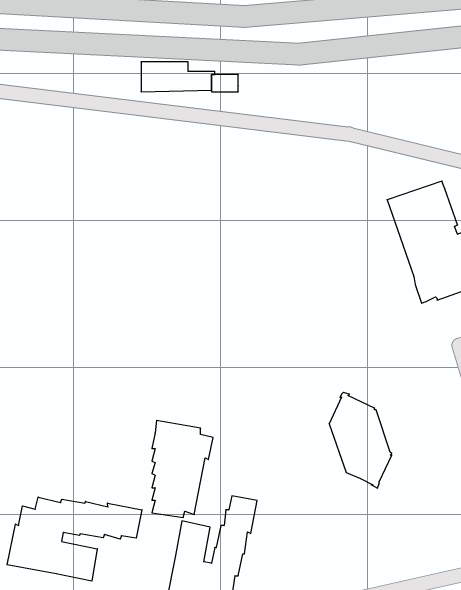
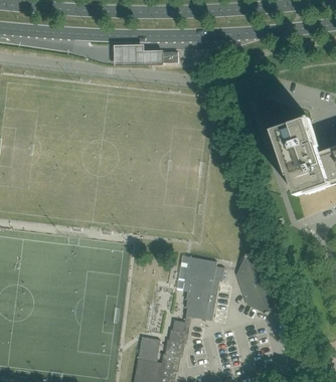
building: [152,420,213,517] -> [185,256,224,319]
building: [7,497,142,581] -> none

